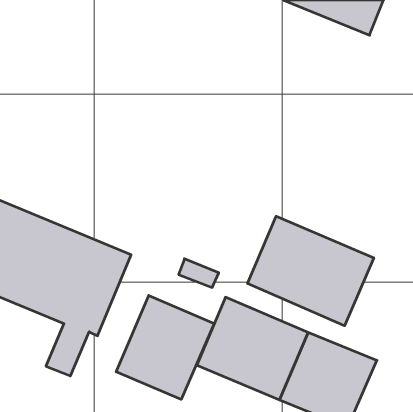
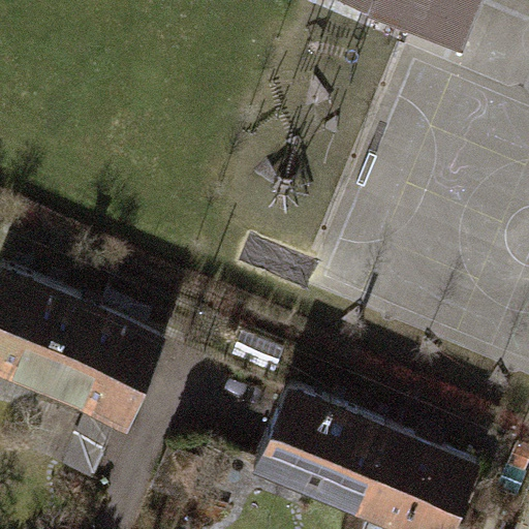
building: [248,216,374,326] -> none
building: [116,295,214,399] -> none

